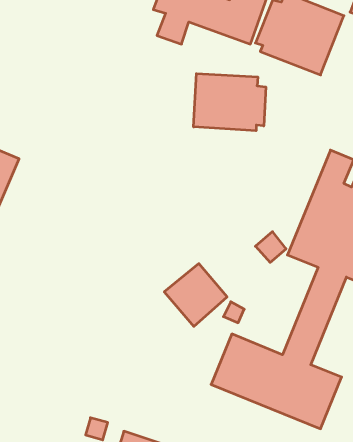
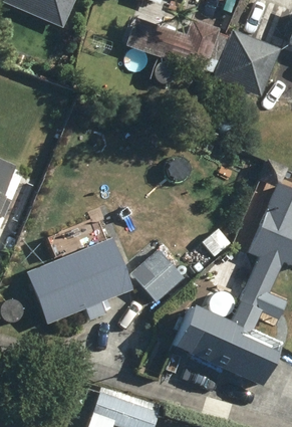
building: [194,74,266,131] -> none
building: none -> [24,236,132,326]

